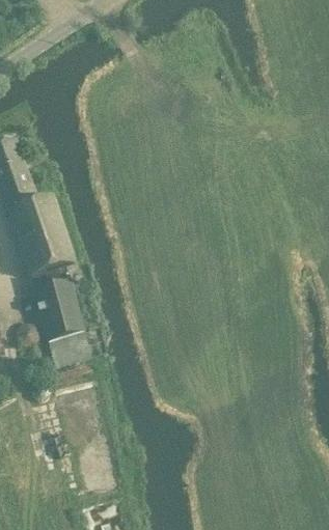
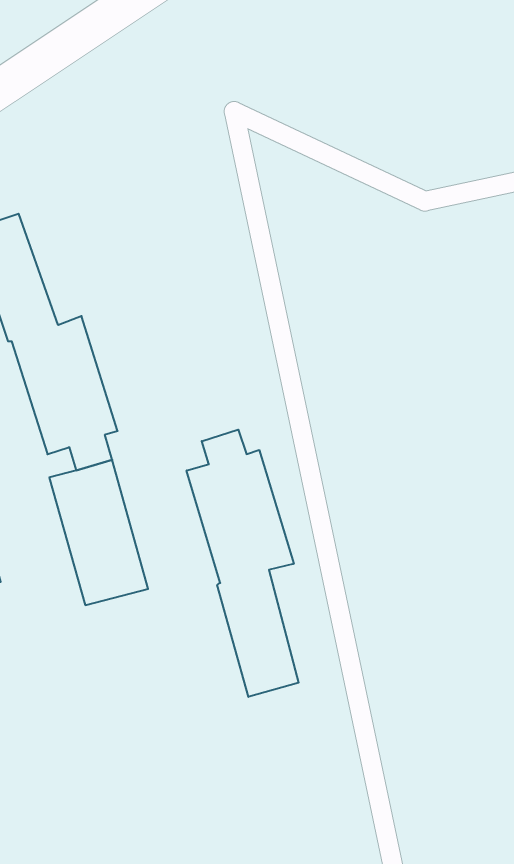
building: none -> [187,430,299,697]

